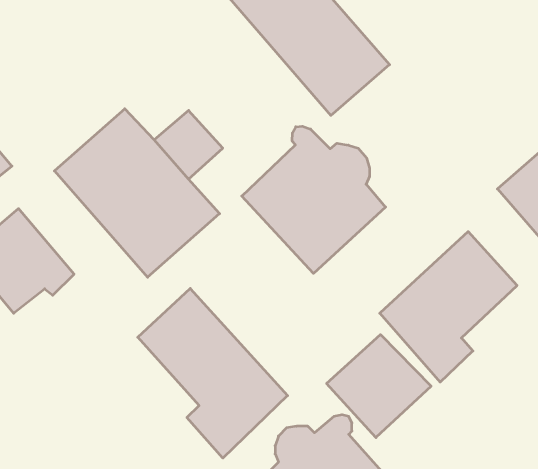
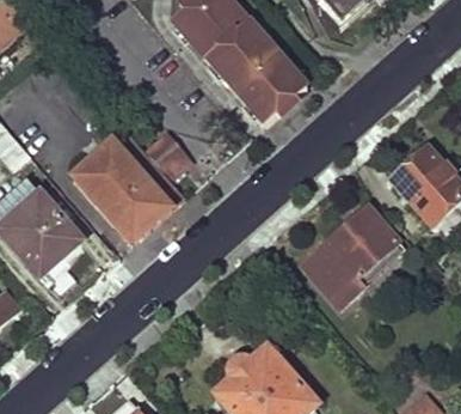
building: [242,126,386,273] -> none
building: [138,288,288,458] -> none
building: [327,335,431,438] -> none

